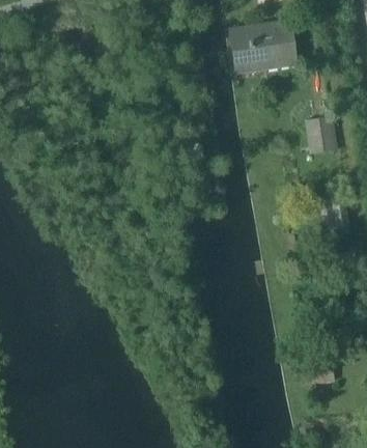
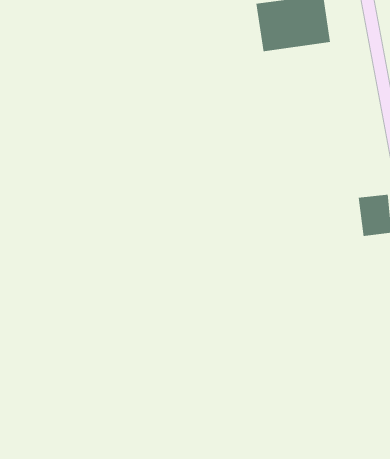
building: [306,117,336,153] -> none

